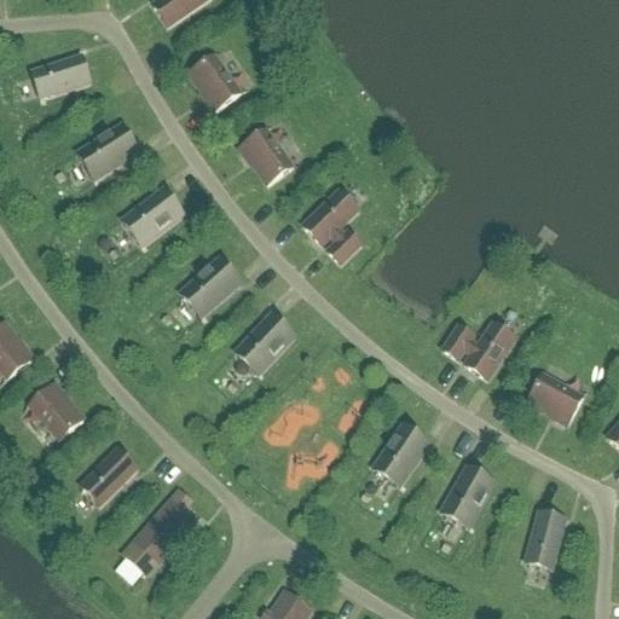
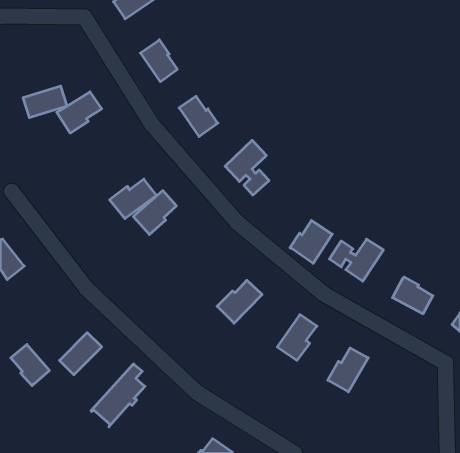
building: [31,54,91,97] -> [23,86,67,118]
building: [121,191,184,244] -> [110,179,156,219]
building: none -> [290,220,332,263]
building: [235,316,295,374] -> [217,280,262,323]
building: [31,383,83,439] -> [11,344,49,386]
building: [525,510,566,568] -> none

